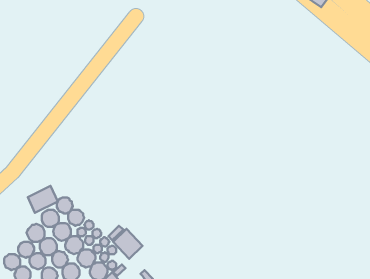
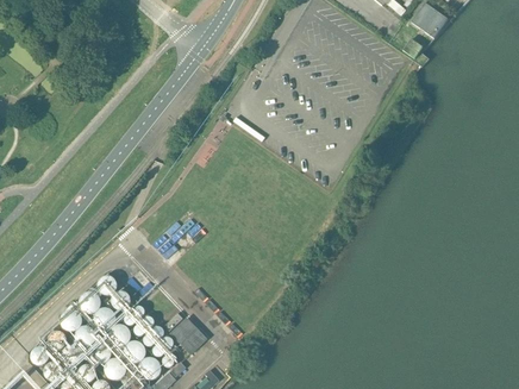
building: [28,186,58,213] -> none

